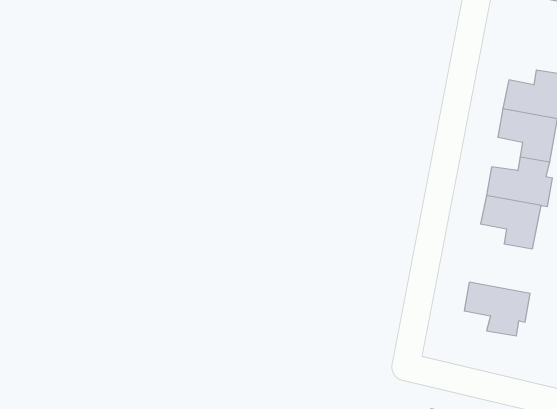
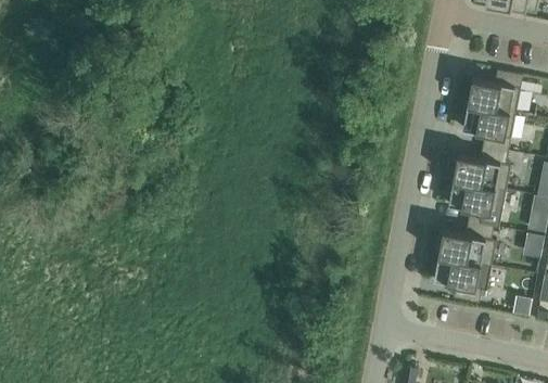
building: none -> [438,225,497,268]

